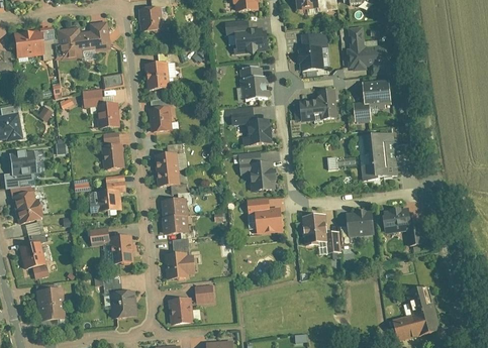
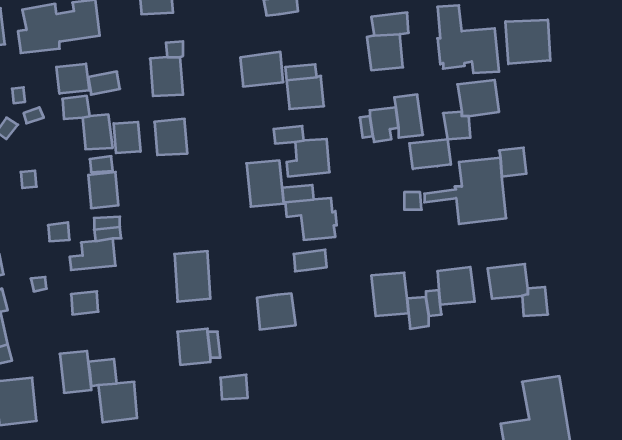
building: [236,28,267,52] -> [240,52,283,86]
building: none -> [506,20,550,64]
building: none -> [56,64,89,94]
building: none -> [114,122,140,153]
building: none -> [409,139,451,169]
building: [155,152,181,185] -> [246,161,284,207]
building: [256,209,283,234] -> [257,294,296,329]
building: [111,234,133,263] -> [60,351,91,393]
building: [168,298,193,325] -> none

